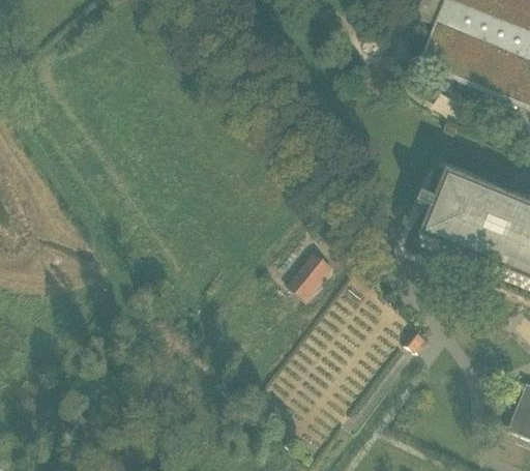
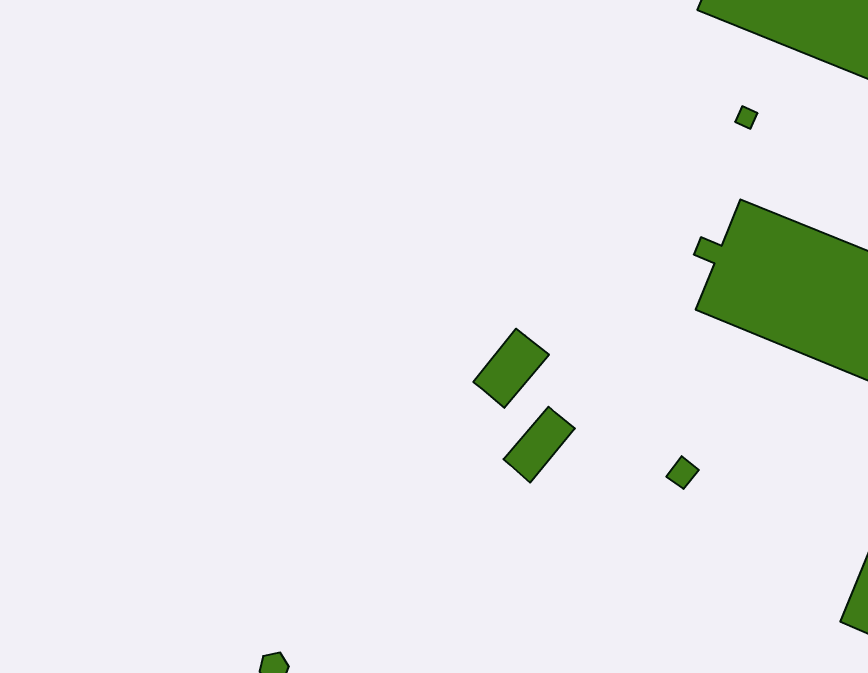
building: none -> [503,407,575,483]

